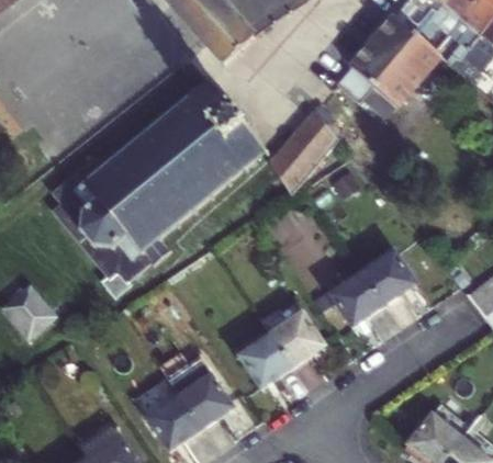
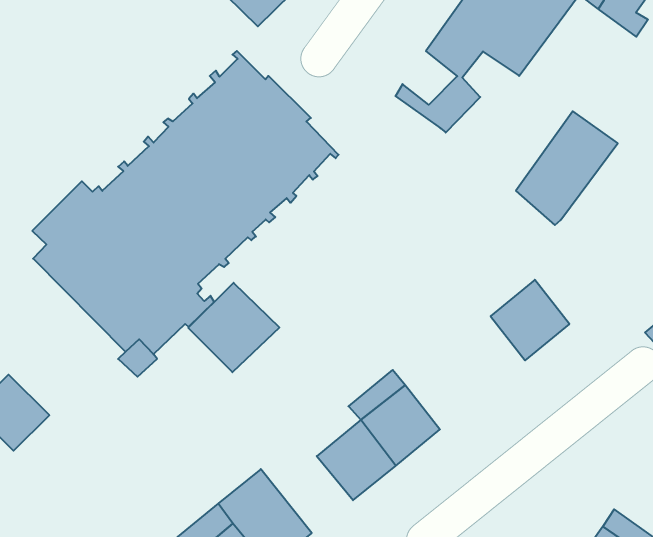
building: [268,116,339,192] -> [516,111,618,225]
building: none -> [188,283,279,372]
building: [329,270,383,324] -> none

